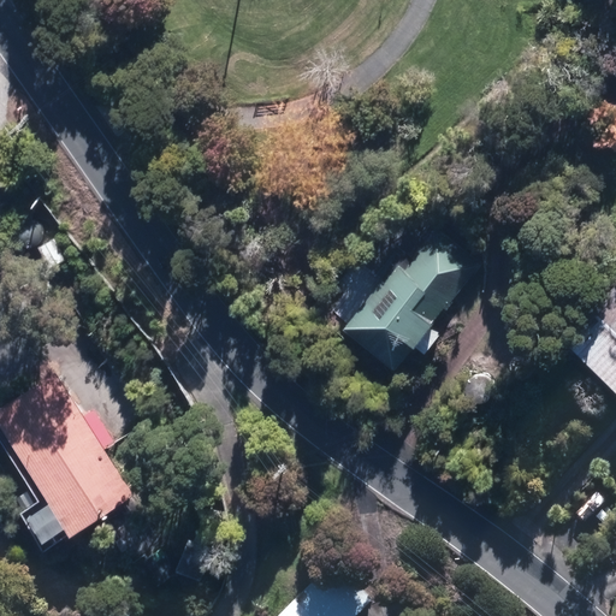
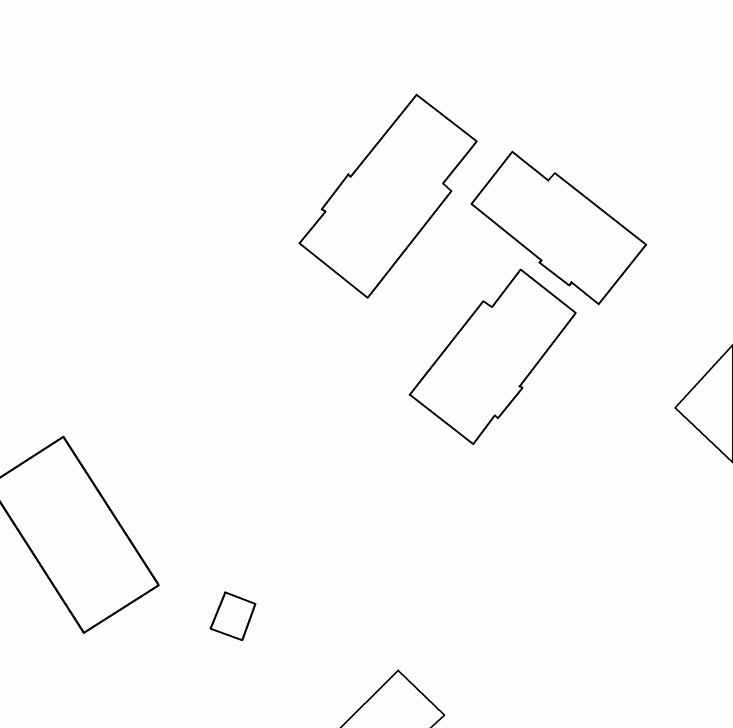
building: none -> [299,95,477,298]
building: none -> [472,152,646,304]

